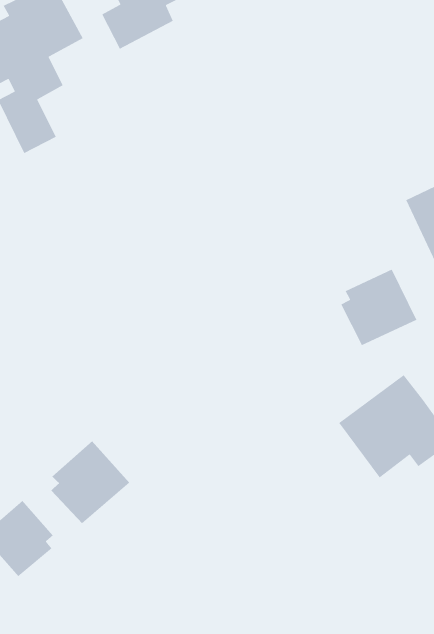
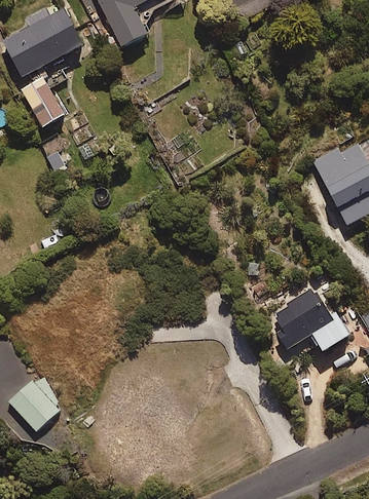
building: [340,268,417,346] -> none
building: [51,441,130,524] -> none

